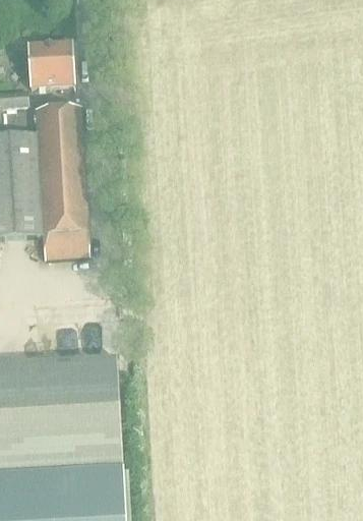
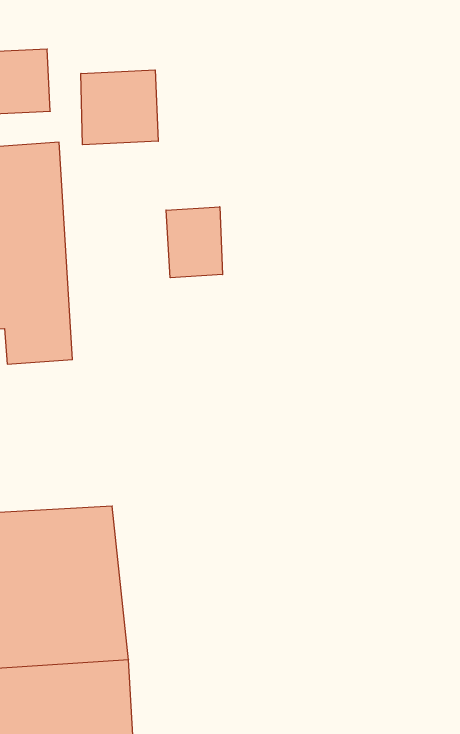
building: none -> [81,70,158,145]
building: none -> [166,207,223,278]

